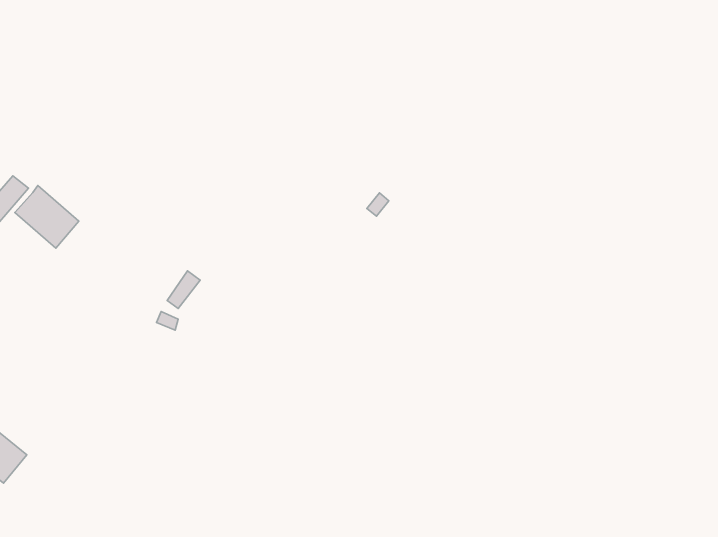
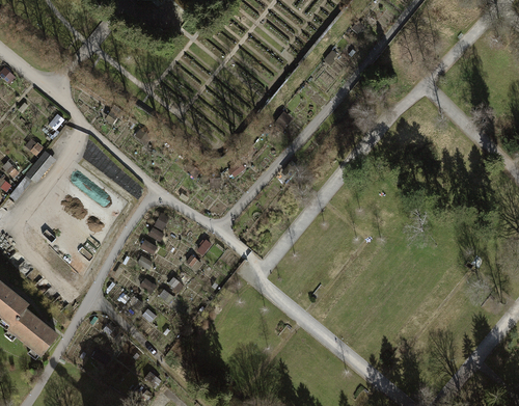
building: [15,186,79,248] -> none

